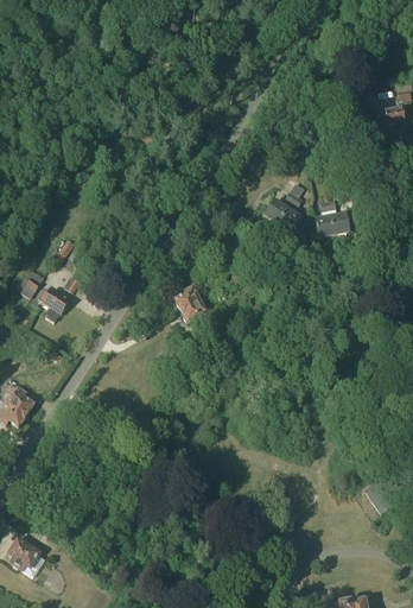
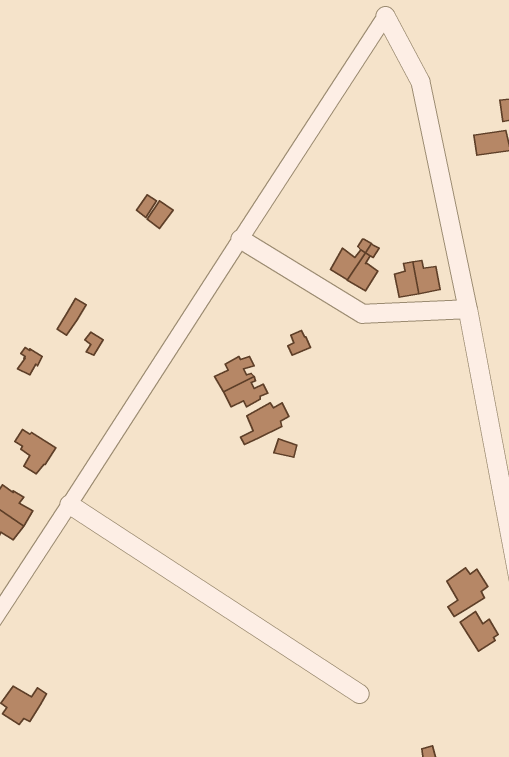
building: [38,286,70,321] -> [15,429,56,474]
building: none -> [240,403,289,445]
building: none -> [447,568,488,616]

